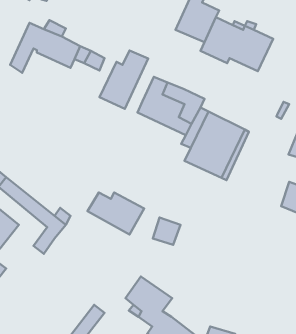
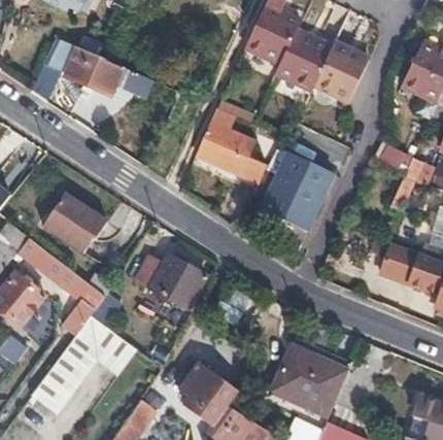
building: [99,51,148,109] -> none
building: none -> [45,194,108,250]
building: none -> [32,314,137,413]
building: none -> [273,346,347,417]

